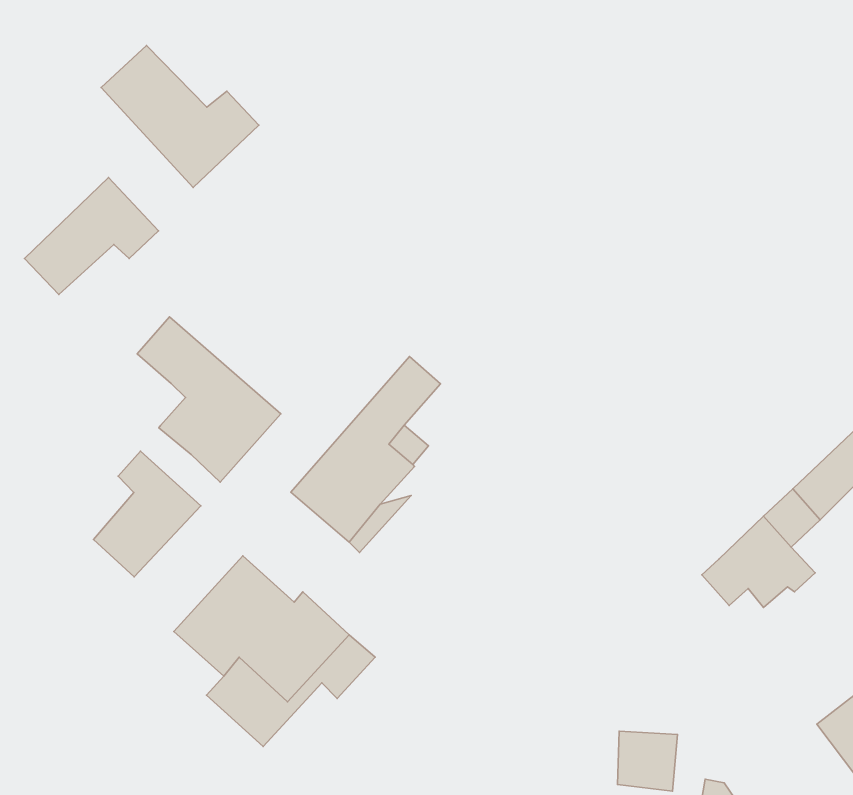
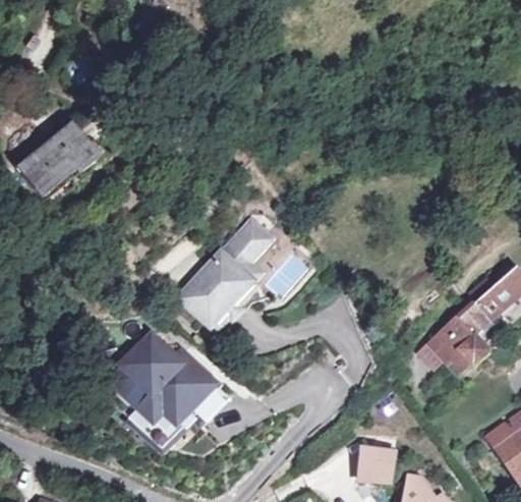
building: [101,45,259,187] -> none
building: [137,317,281,482] -> none
building: [93,451,201,577] -> none

